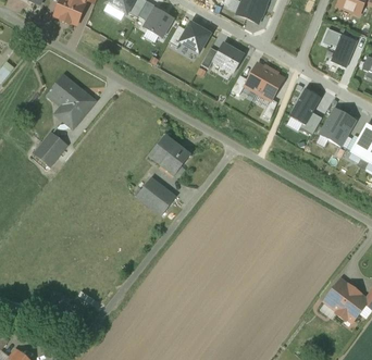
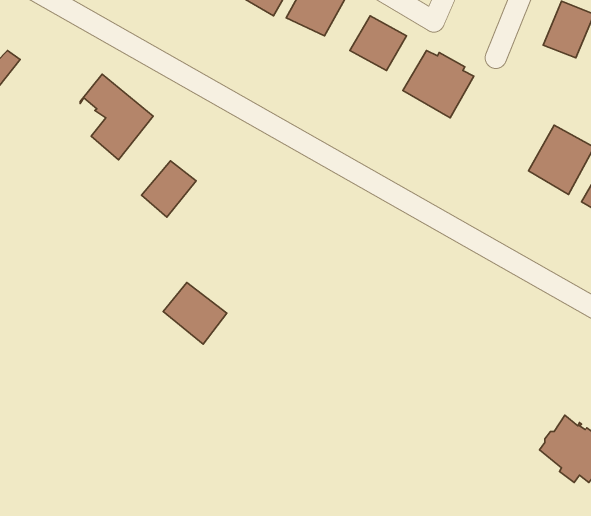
building: [293,87,323,122] -> none
building: [34,132,66,165] -> [141,161,196,217]
building: [150,135,189,173] -> none
building: [137,177,175,214] -> [163,282,227,344]

